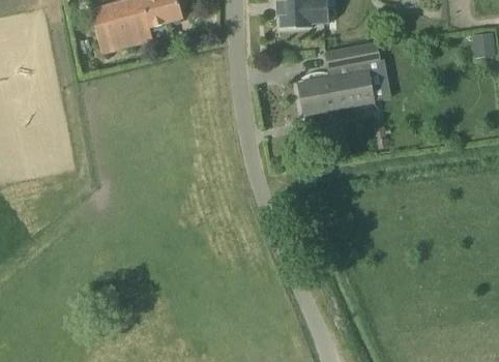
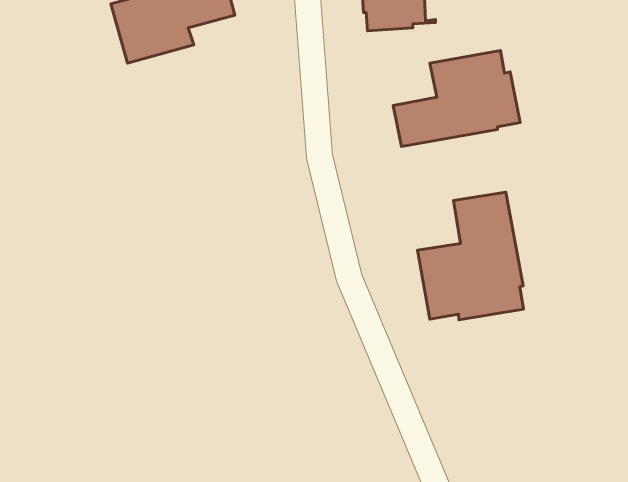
building: none -> [417,192,523,320]

